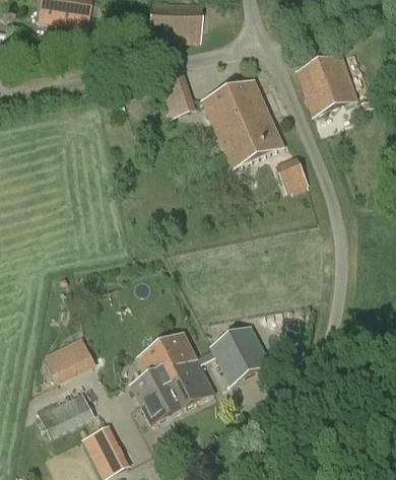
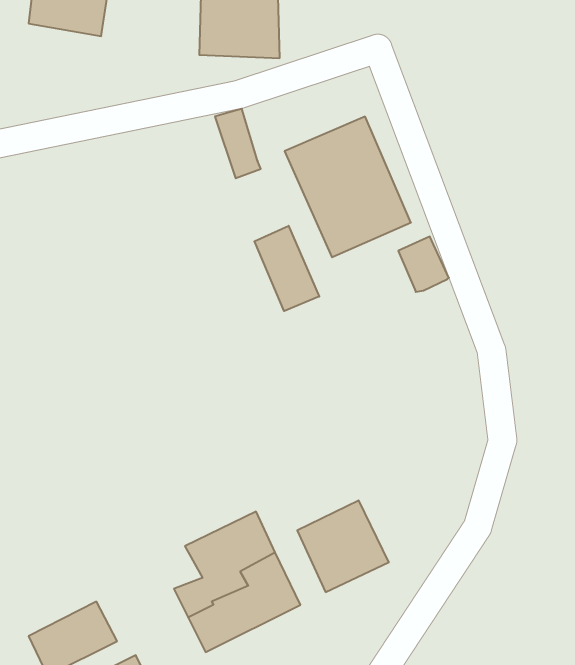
building: [295,54,356,115] -> none
building: none -> [254,226,319,311]
building: [44,339,94,383] -> none

